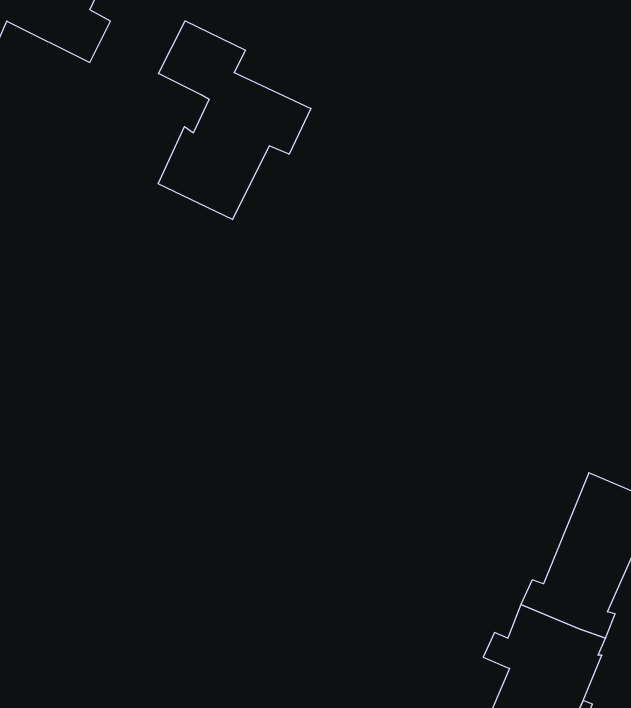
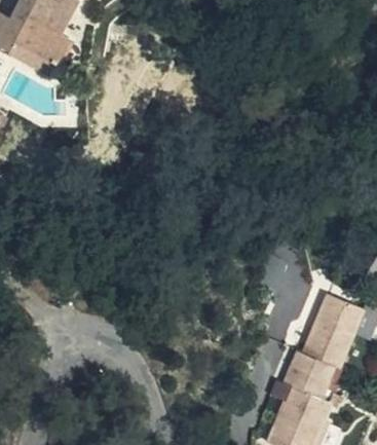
building: [158,21,311,220] -> none

